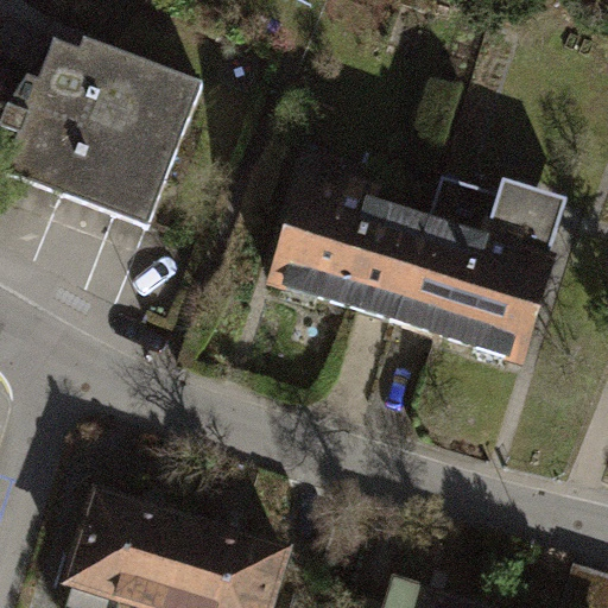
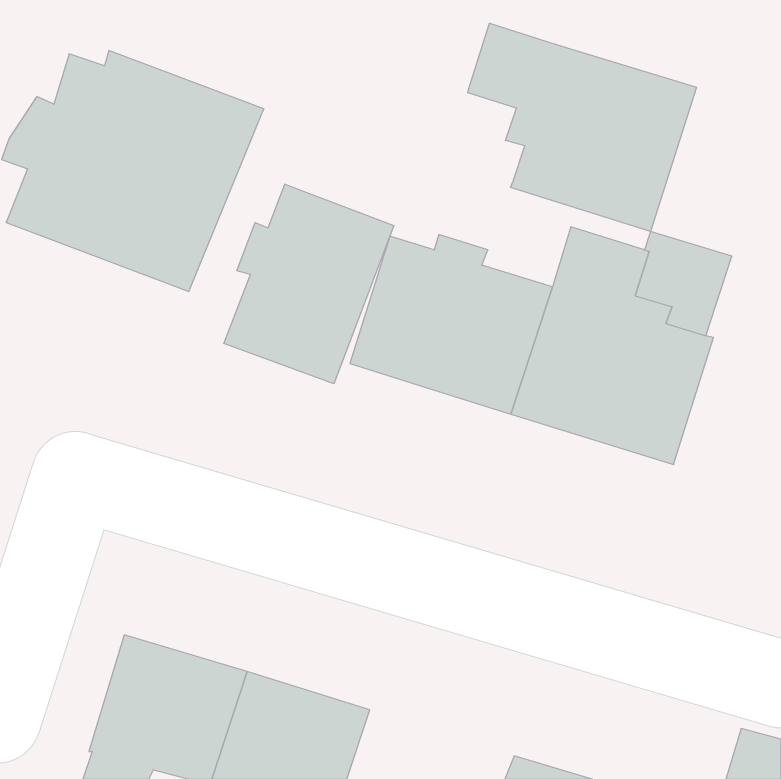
building: none -> [468,23,696,232]
building: none -> [224,184,394,384]

